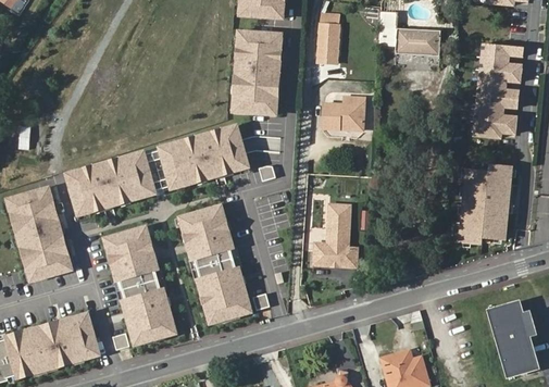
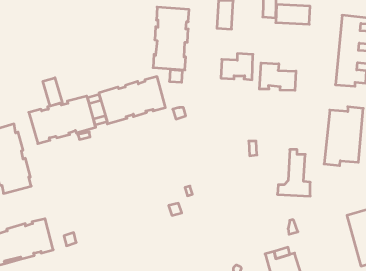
building: none -> [259,63,296,90]
building: none -> [43,78,62,106]
building: [313,200,357,262] -> [277,150,310,196]
building: [180,204,252,322] -> none
building: [104,225,176,344] -> none

